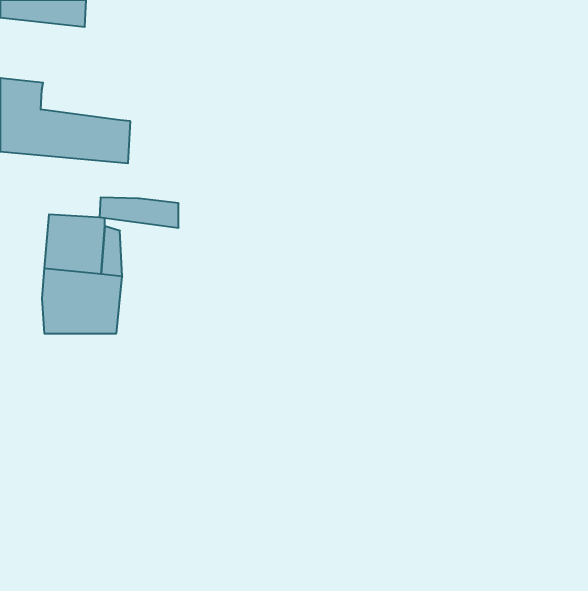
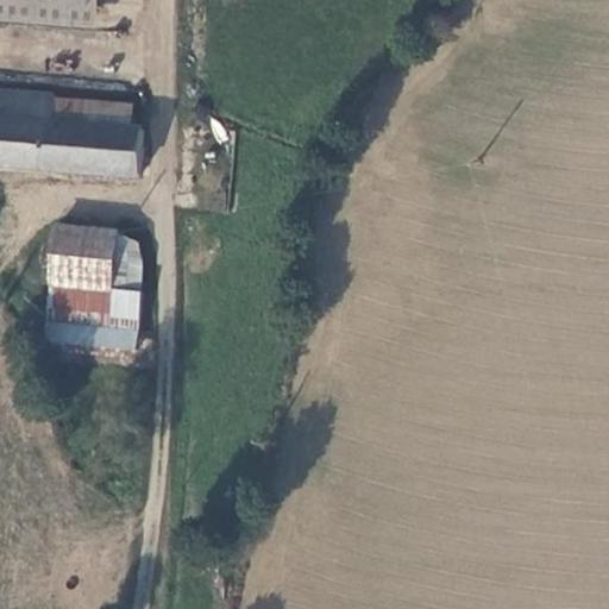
building: [99,197,179,228] -> [49,96,130,127]

